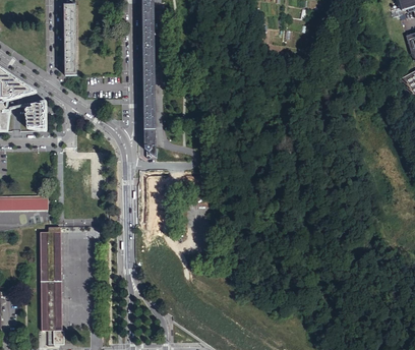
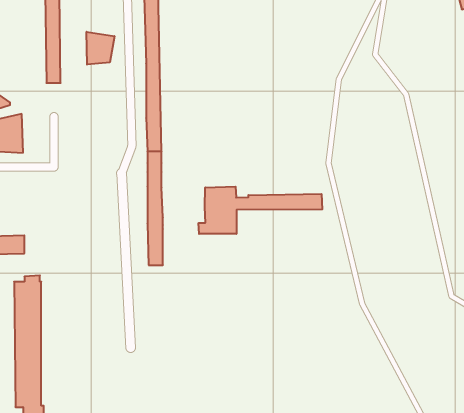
building: none -> [87,32,114,65]
building: none -> [199,187,322,234]

